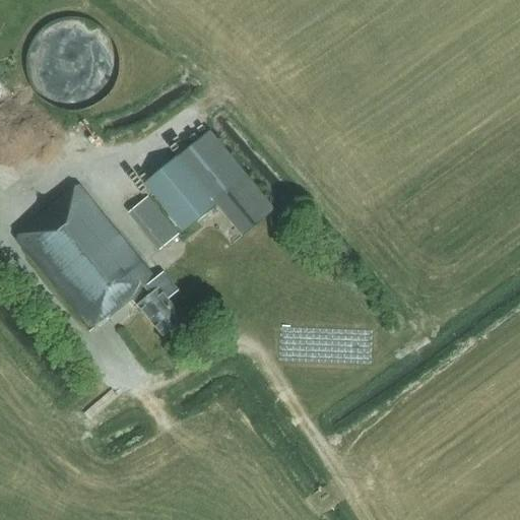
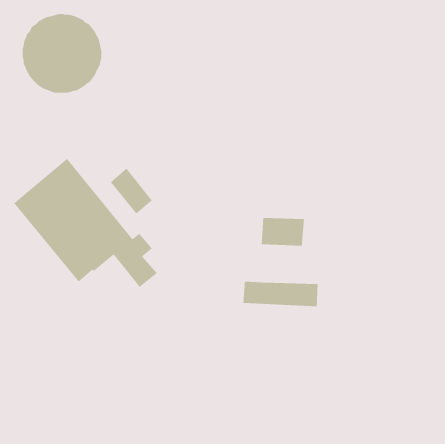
building: [144,129,275,236] -> none
building: none -> [261,217,305,247]

